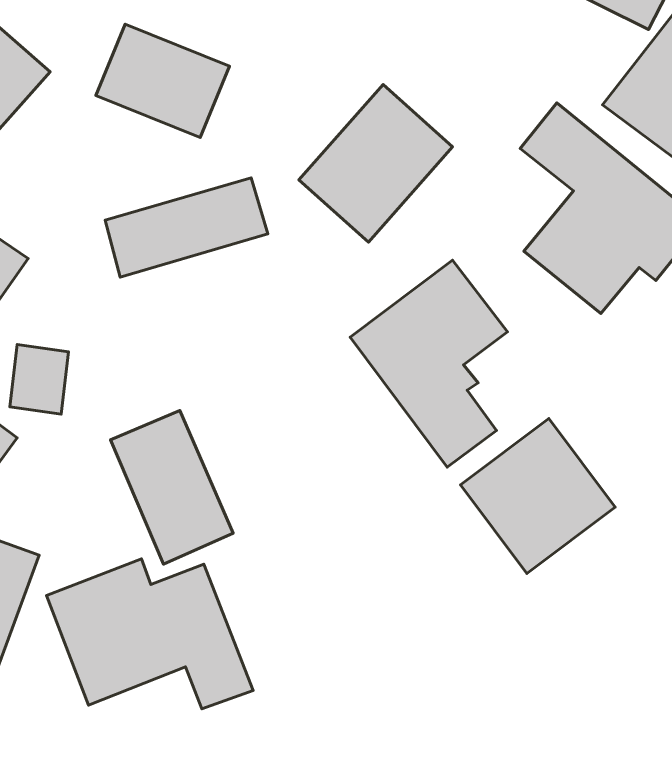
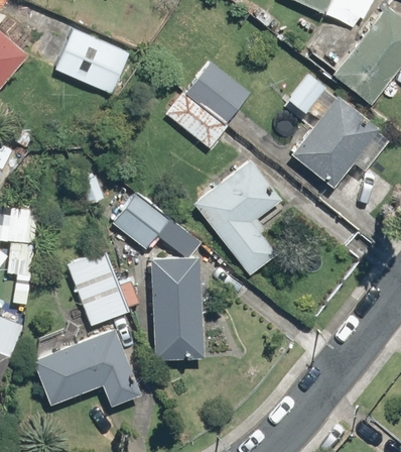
building: [105,178,268,277] -> none
building: none -> [111,190,204,358]
building: [461,418,615,574] -> none

